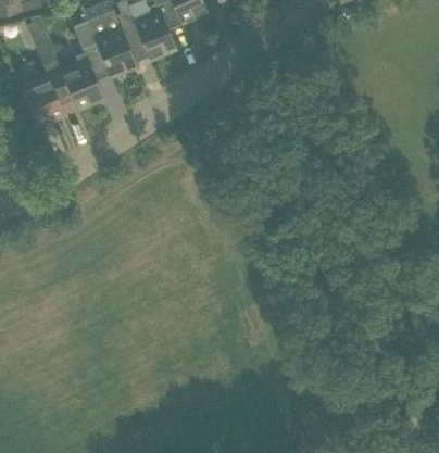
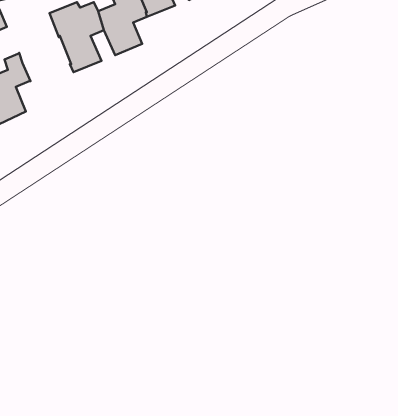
building: [61,21,109,110] -> none

